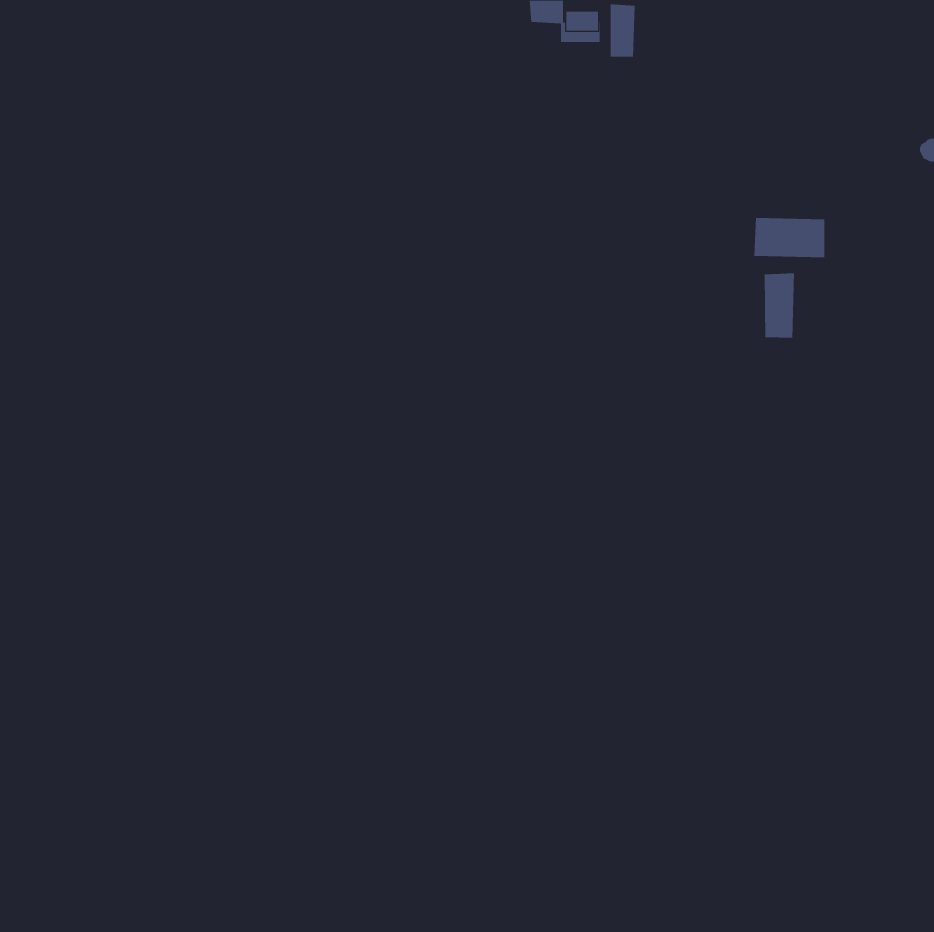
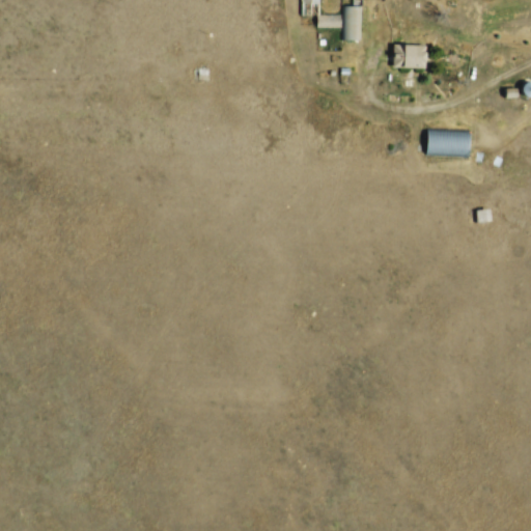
building: none -> [397,47,425,69]
building: [764,272,795,338] -> none

